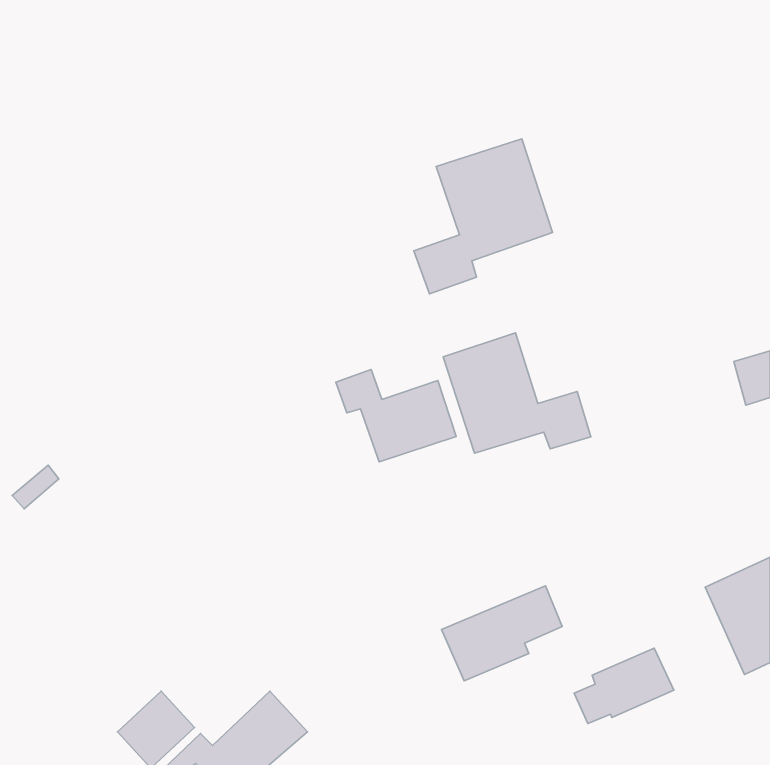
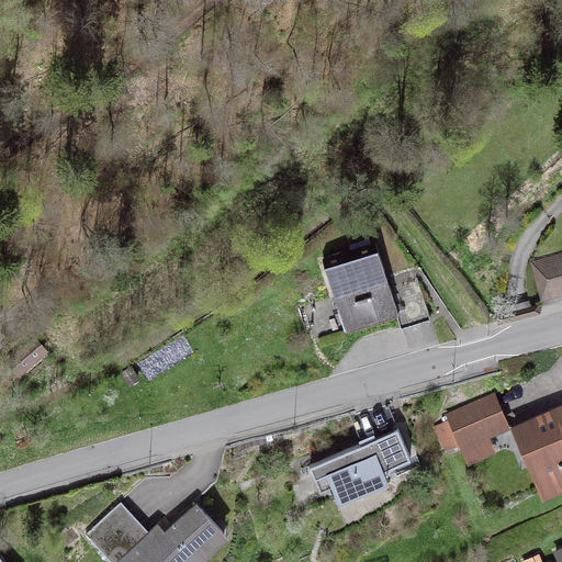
building: [414,139,553,294] -> none
building: [336,369,456,462] -> none
building: [574,648,674,723] -> [435,396,507,451]

